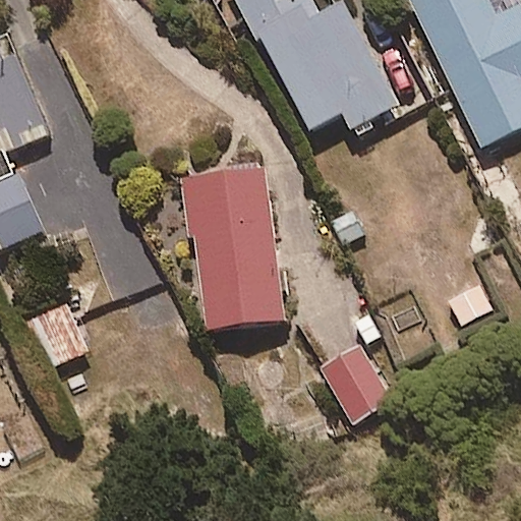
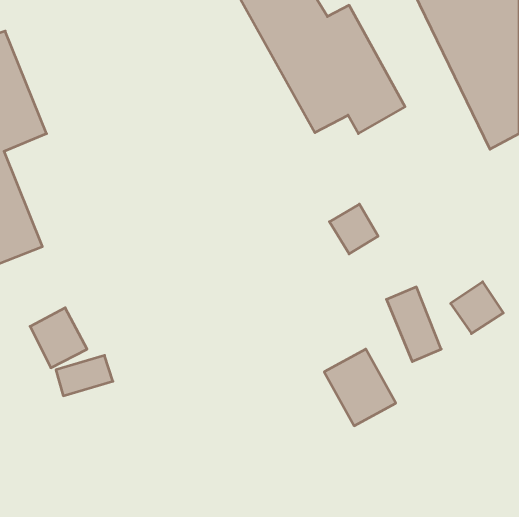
building: [184,153,284,331] -> none

